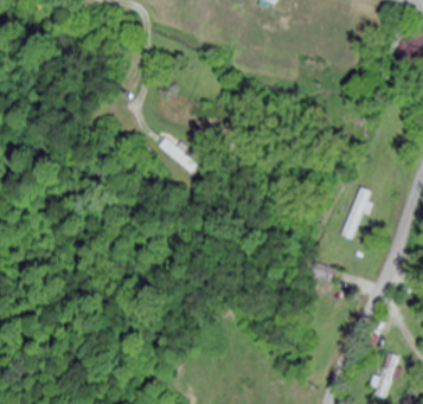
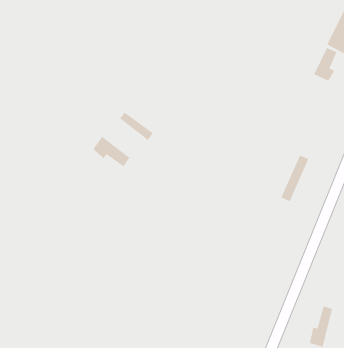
building: none -> [313,47,337,81]
building: none -> [92,136,130,167]

